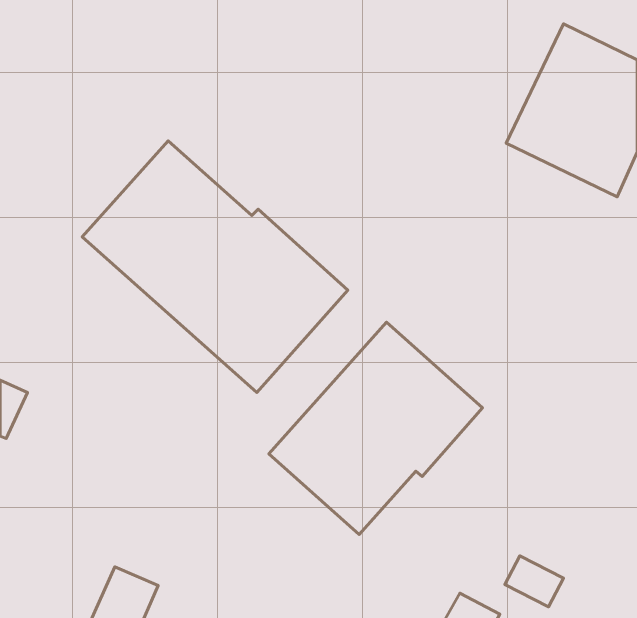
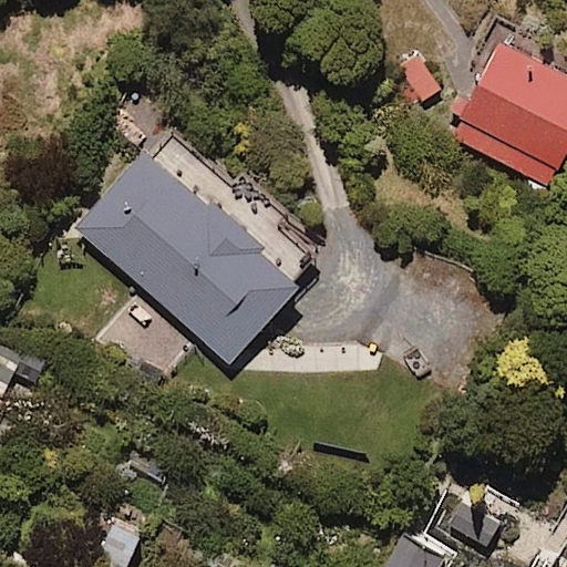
building: [269,322,483,534] -> none

